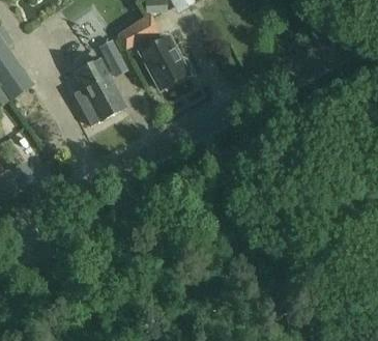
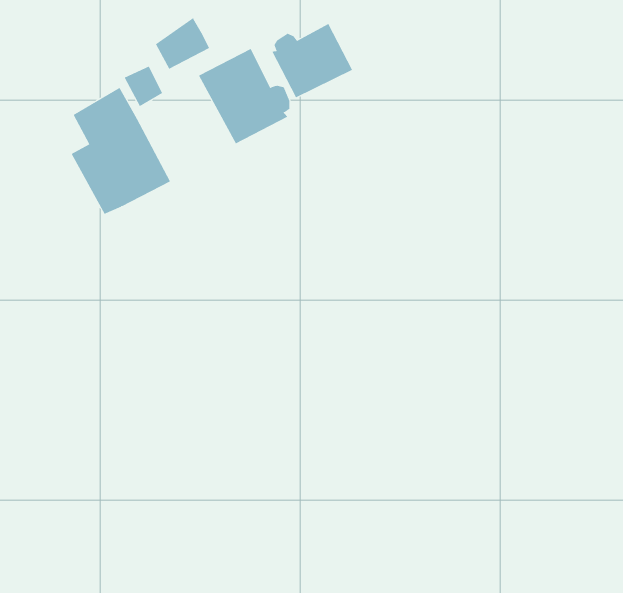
building: none -> [271,23,353,98]

